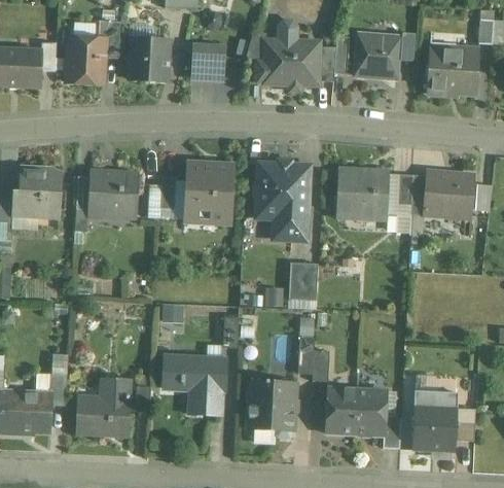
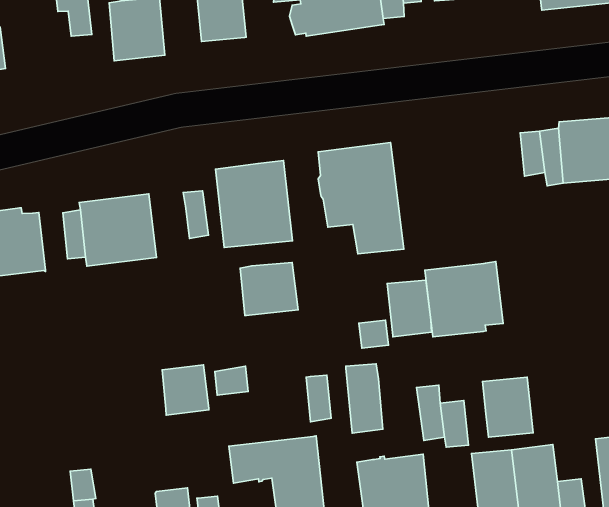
building: [68,37,105,84] -> none
building: [337,170,389,218] -> [425,261,503,337]
building: none -> [240,263,298,316]
building: none -> [162,365,209,415]
building: none -> [346,364,383,433]
building: none -> [483,377,533,437]

